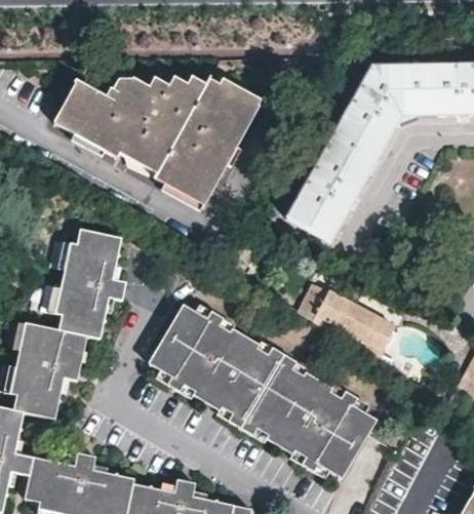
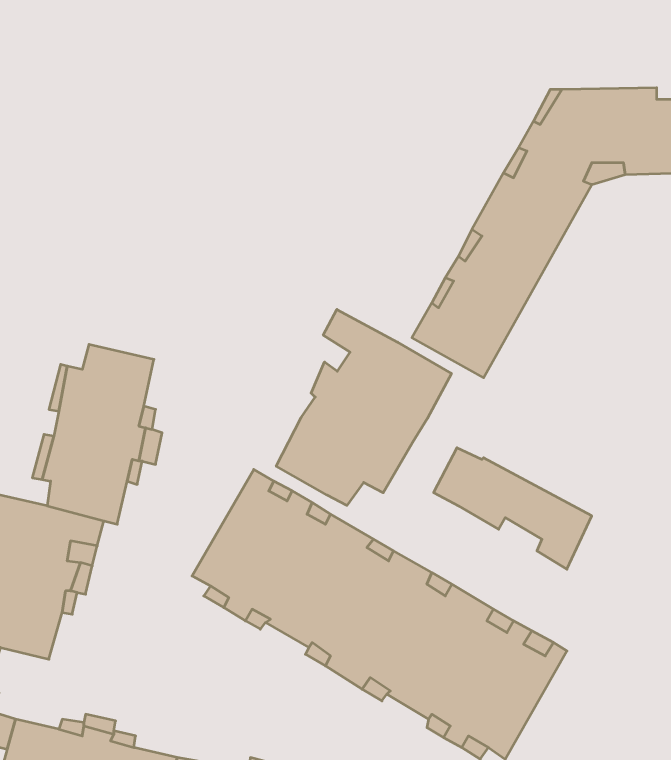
building: [50,76,253,208] -> none
building: none -> [276,309,451,505]

